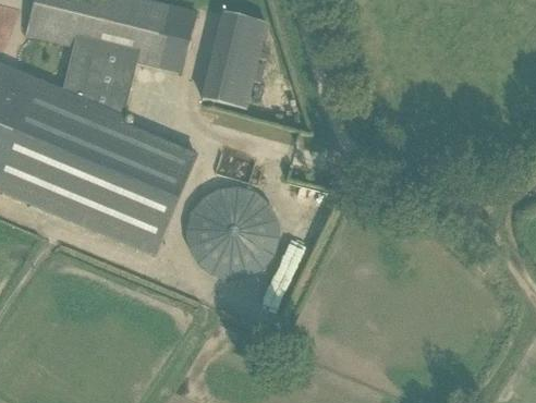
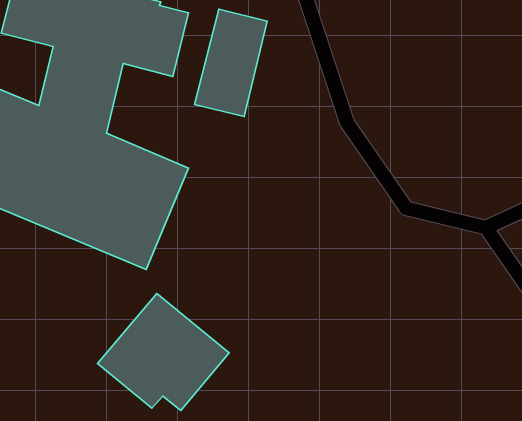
building: [172,174,291,280] -> [98,294,229,411]

